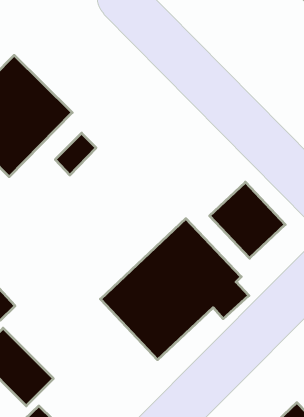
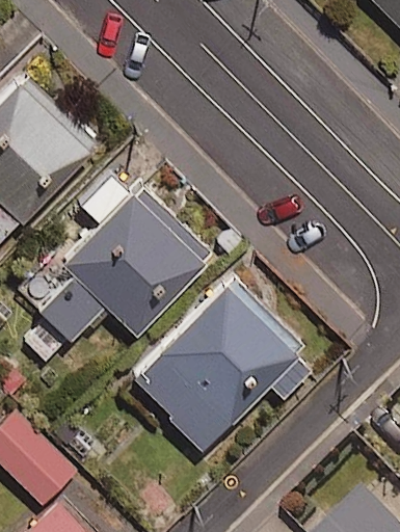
building: none -> [24,191,209,342]
building: [210,182,285,258] -> none

